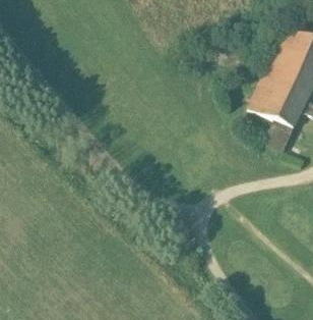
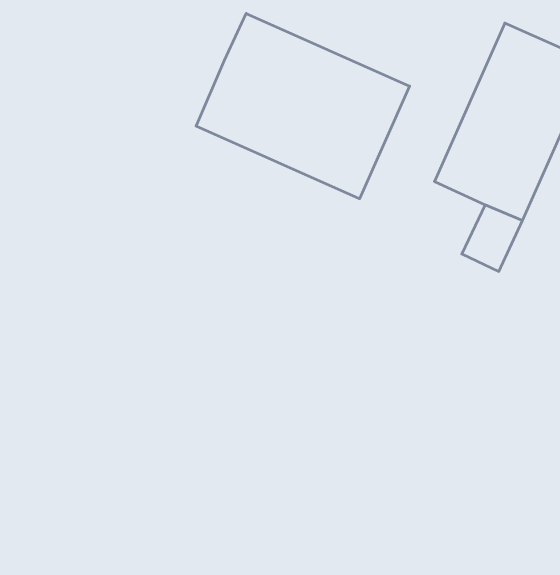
building: none -> [196,13,410,199]

